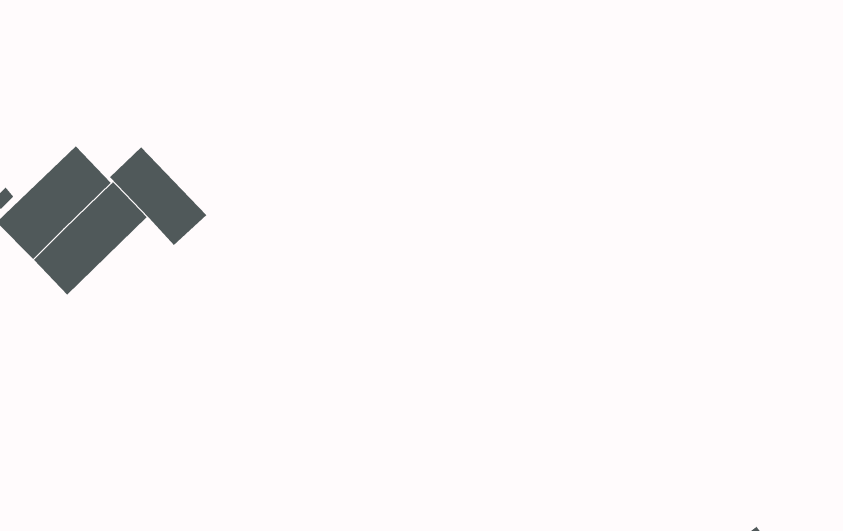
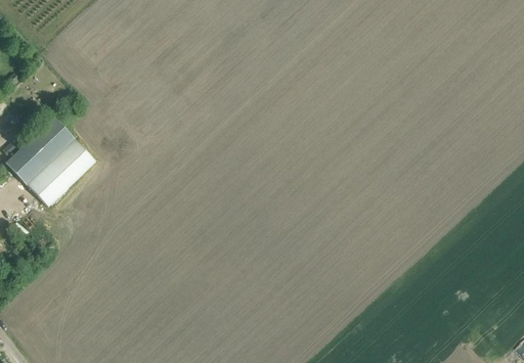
building: [109,146,207,246] -> none

